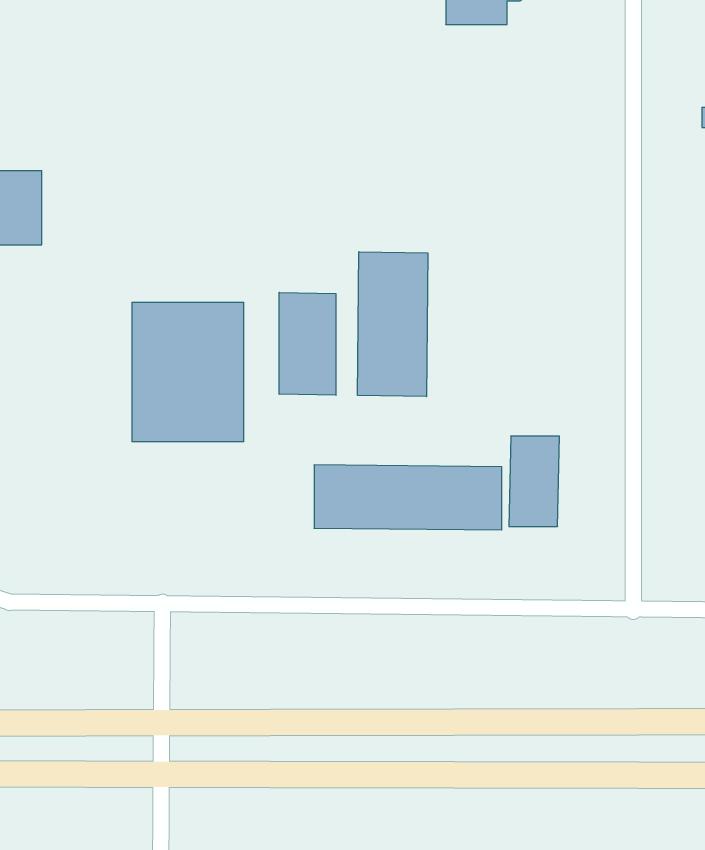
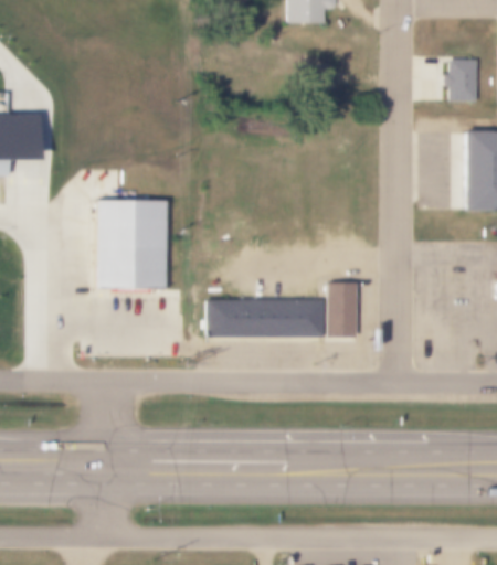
building: [358,252,428,397] -> none
building: [279,292,336,395] -> none

